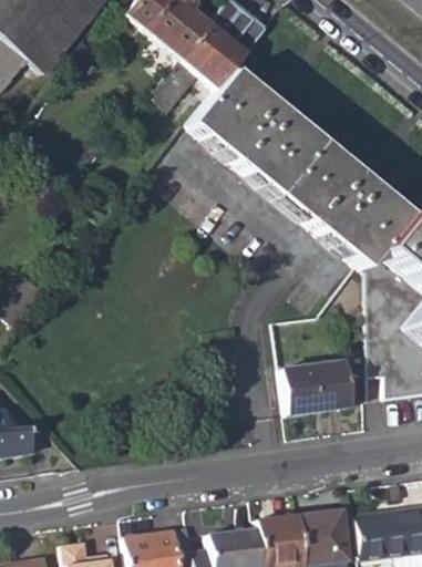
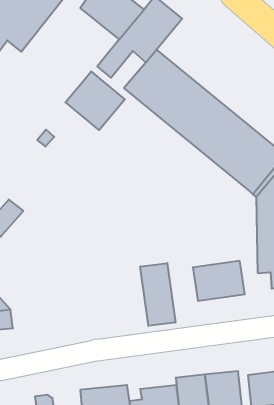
building: none -> [65,71,125,130]
building: none -> [140,263,175,326]

